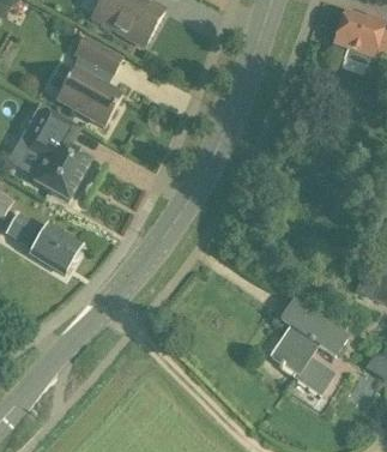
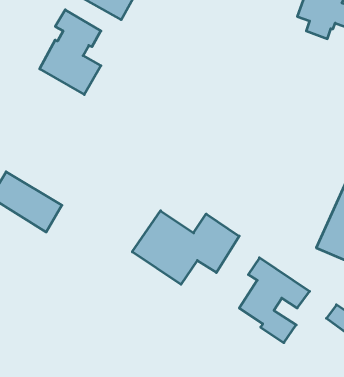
building: [26,106,91,199] -> none
building: none -> [132,211,239,284]

